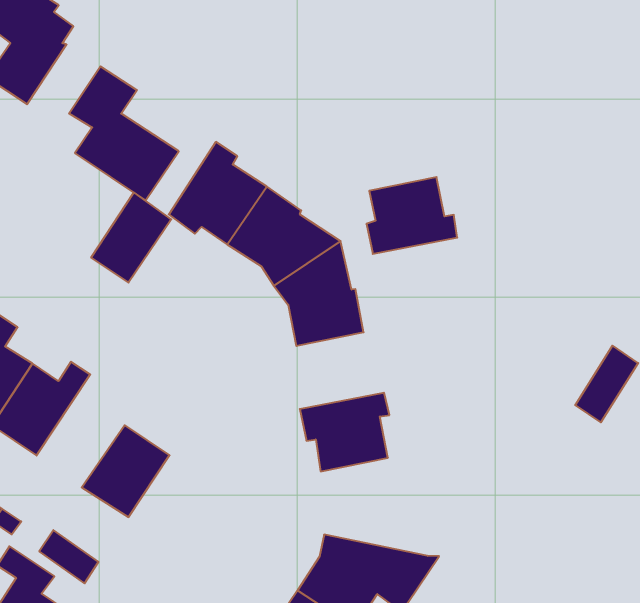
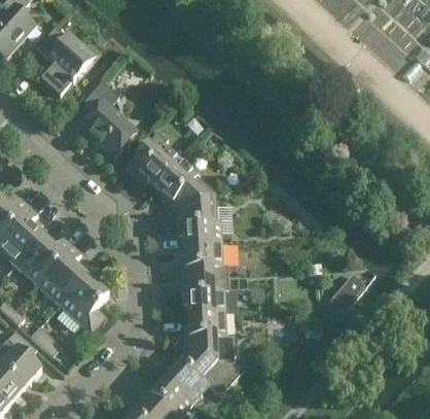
building: [366,177,457,254] -> [179,244,226,280]
building: [91,193,171,283] -> none
building: none -> [36,245,85,305]
building: none -> [183,313,237,369]

